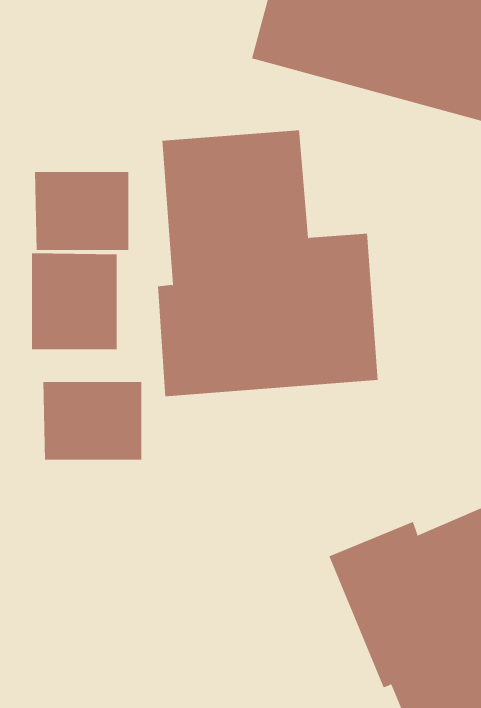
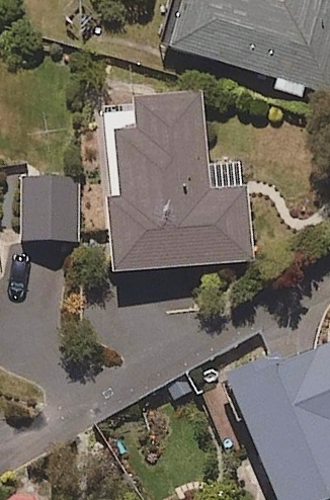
building: [35,171,129,251] -> none
building: [43,381,142,461] -> none

